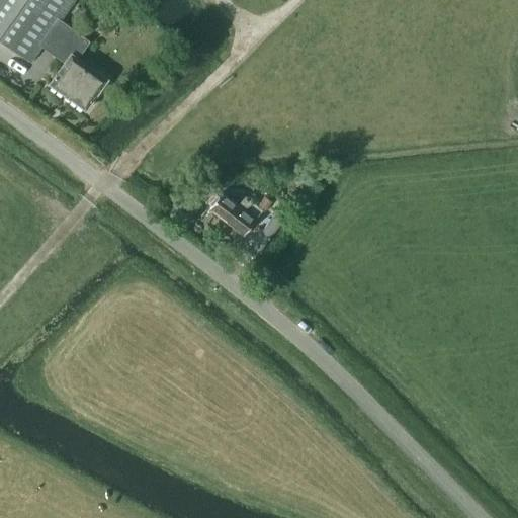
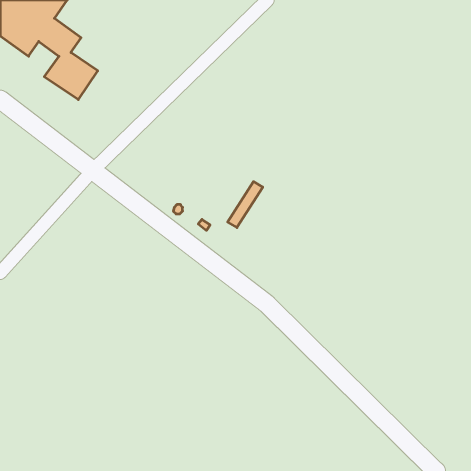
building: [208,189,272,236] -> none

